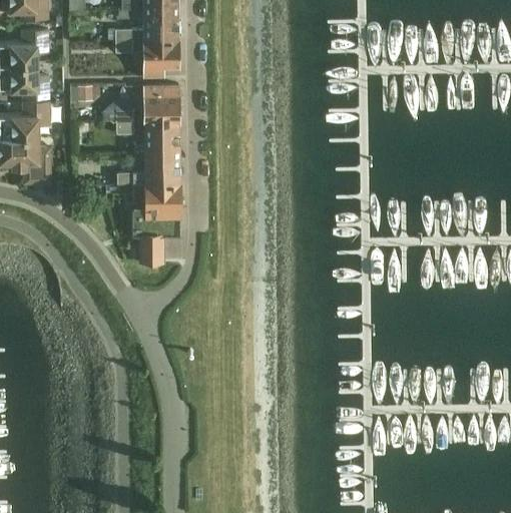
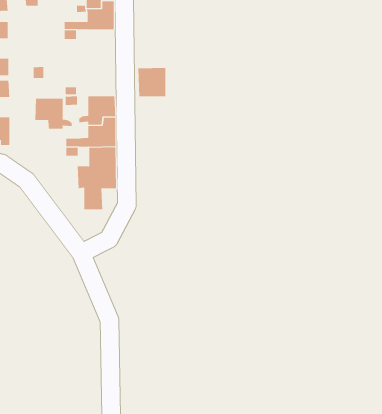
building: [143,38,177,74] -> none
building: [143,83,178,119] -> [138,67,166,97]
building: none -> [35,98,72,130]

